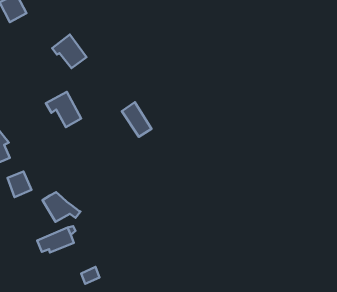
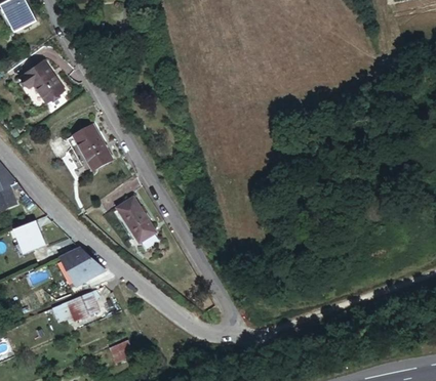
building: [52,35,87,68] -> [19,57,64,100]
building: [122,102,152,137] -> [115,196,153,240]

